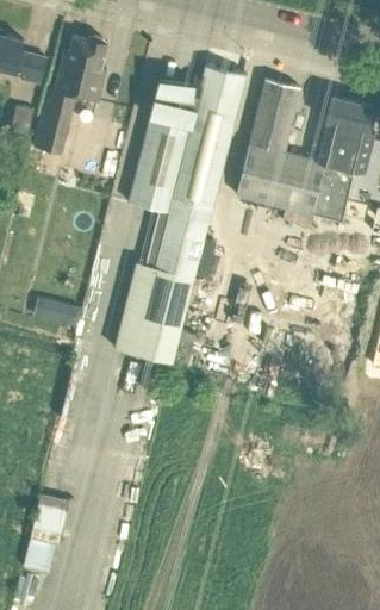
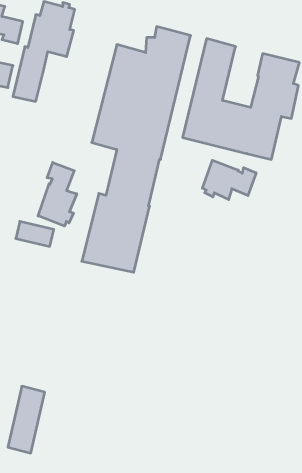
building: none -> [202,160,256,200]
building: none -> [38,162,77,226]

